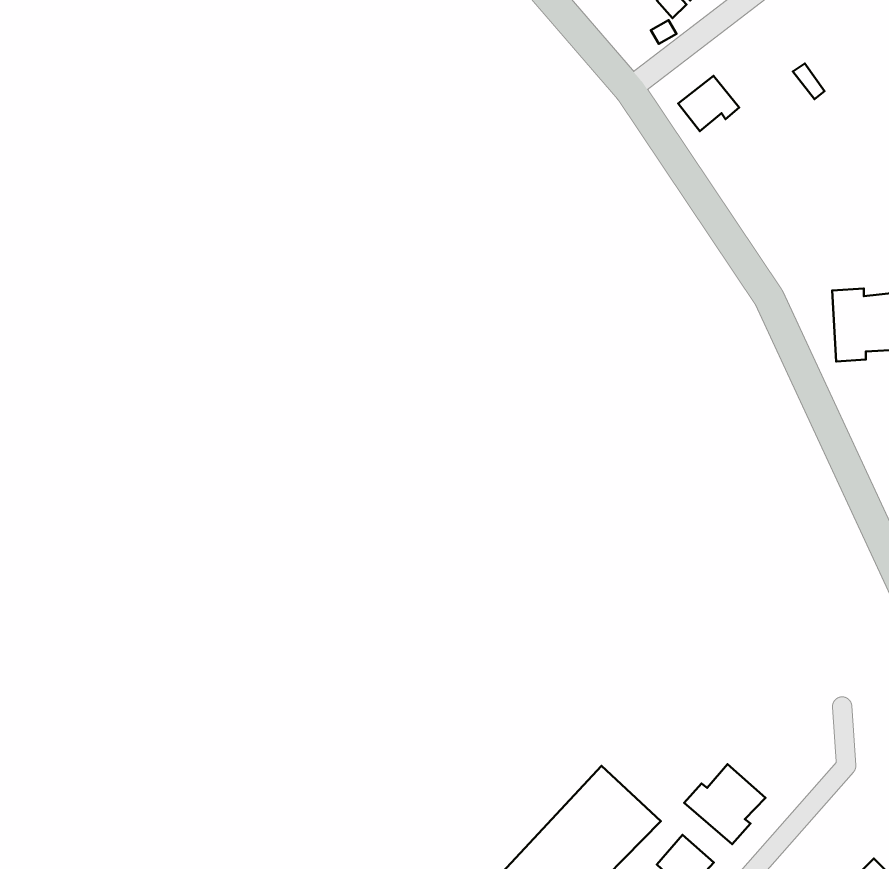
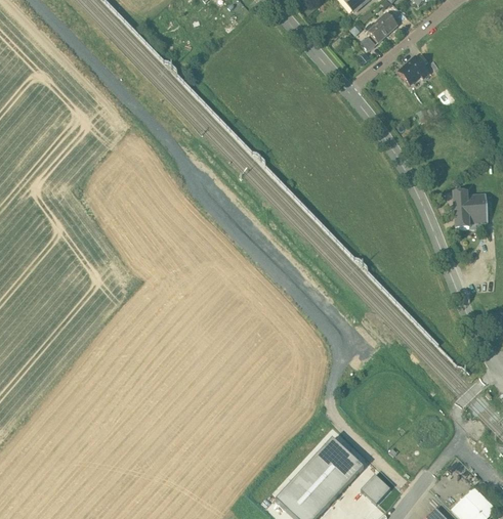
building: [678,76,739,131] -> [397,56,429,85]
building: [684,764,766,844] -> none

